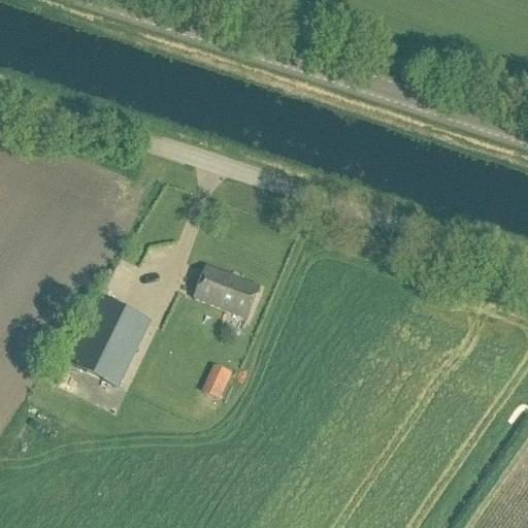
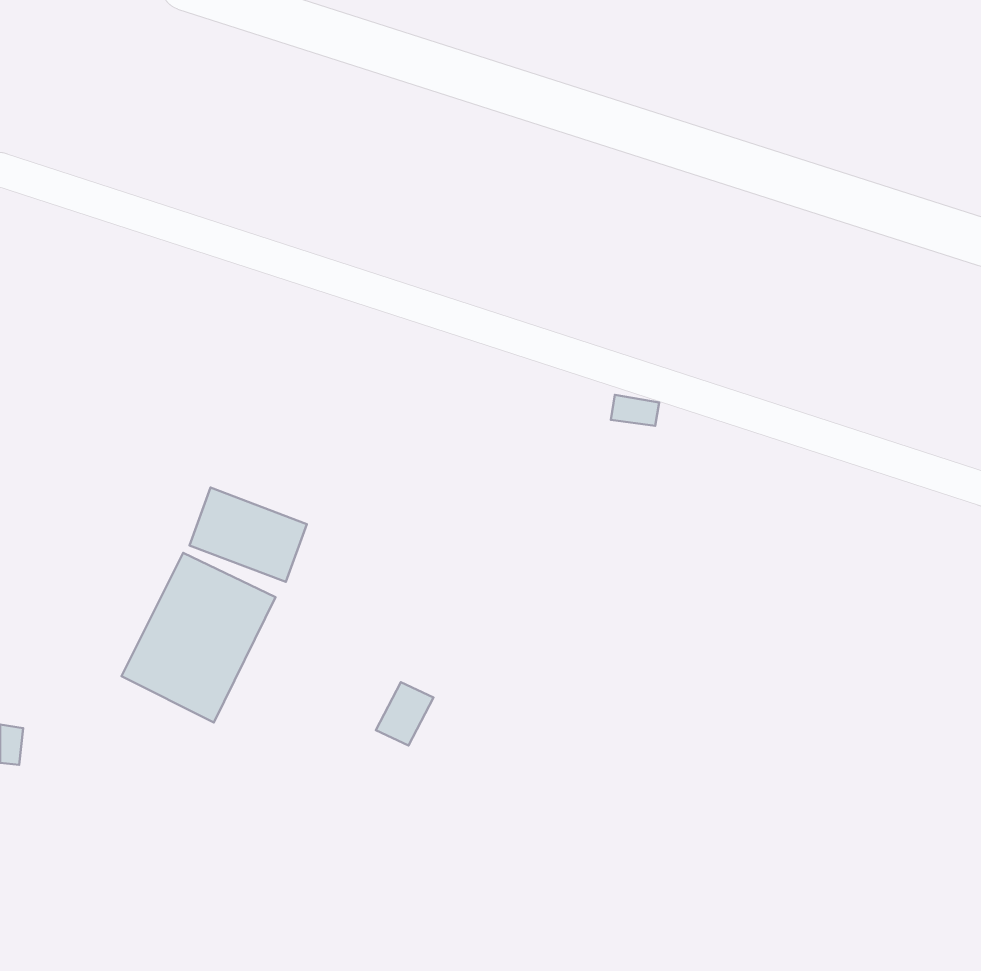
building: [196,264,259,315] -> [189,488,307,582]

